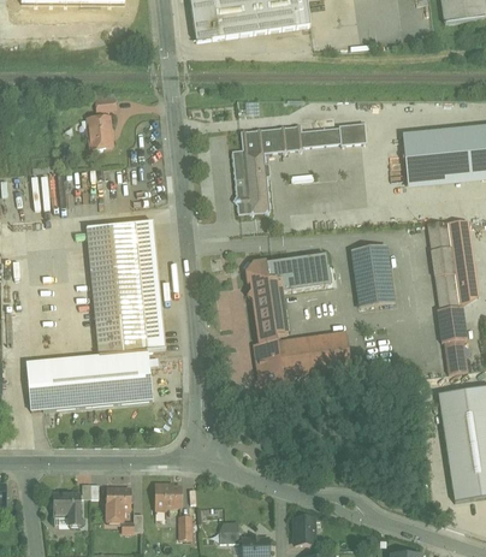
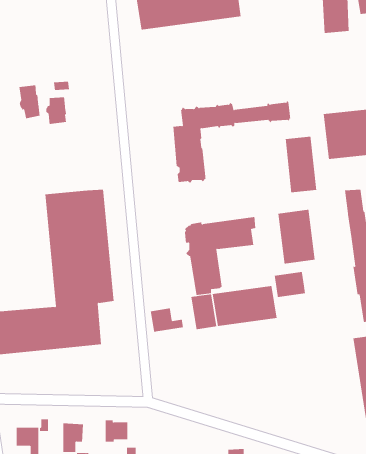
building: none -> [19,84,40,119]
building: none -> [285,136,317,193]
building: none -> [274,271,305,298]
building: none -> [150,308,184,333]

